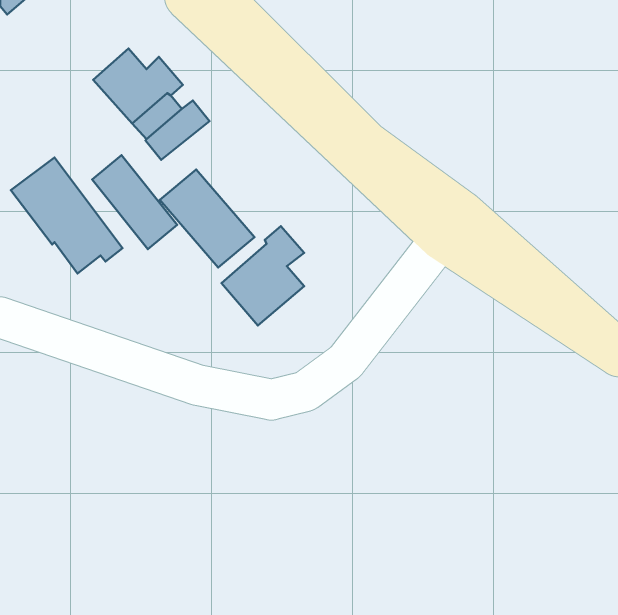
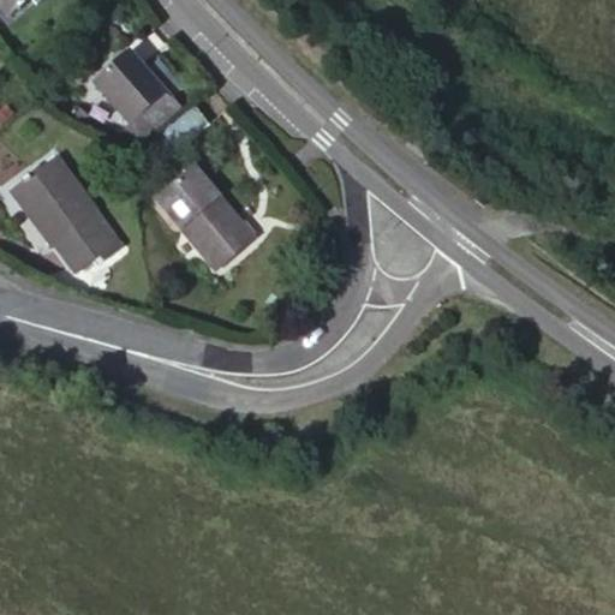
building: [92,155,177,249] -> none
building: [222,226,304,325] -> none

